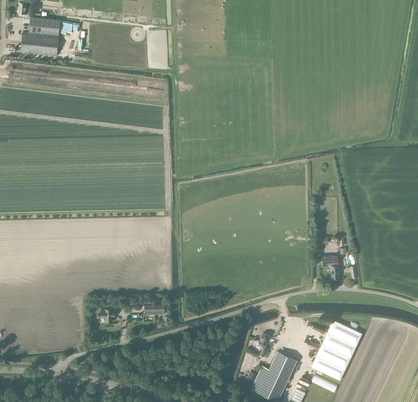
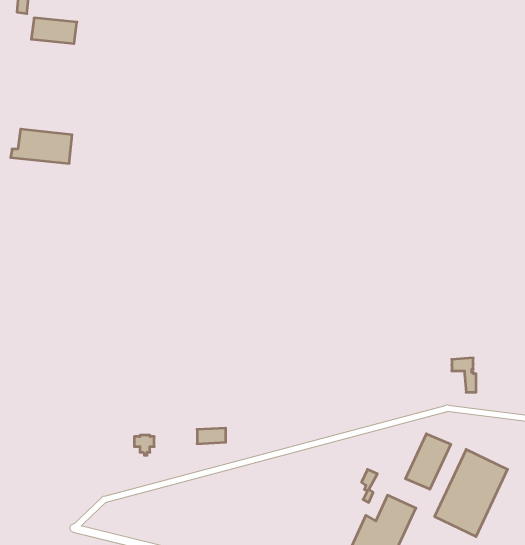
building: [16,32,59,56] -> [11,129,72,163]
building: none -> [405,434,451,489]

